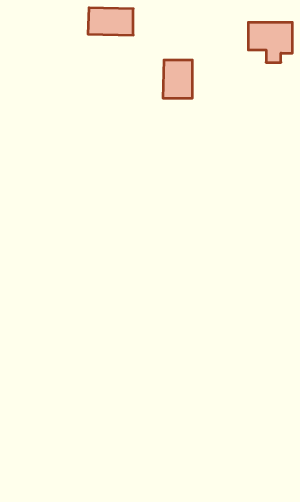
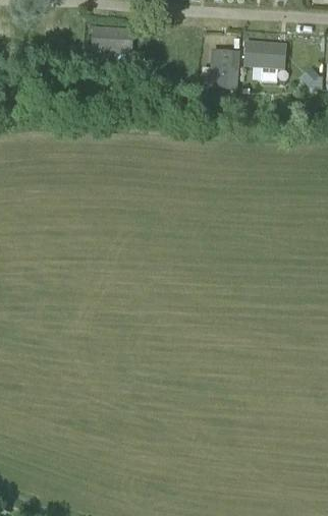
building: [163,60,192,98] -> [209,50,237,87]

